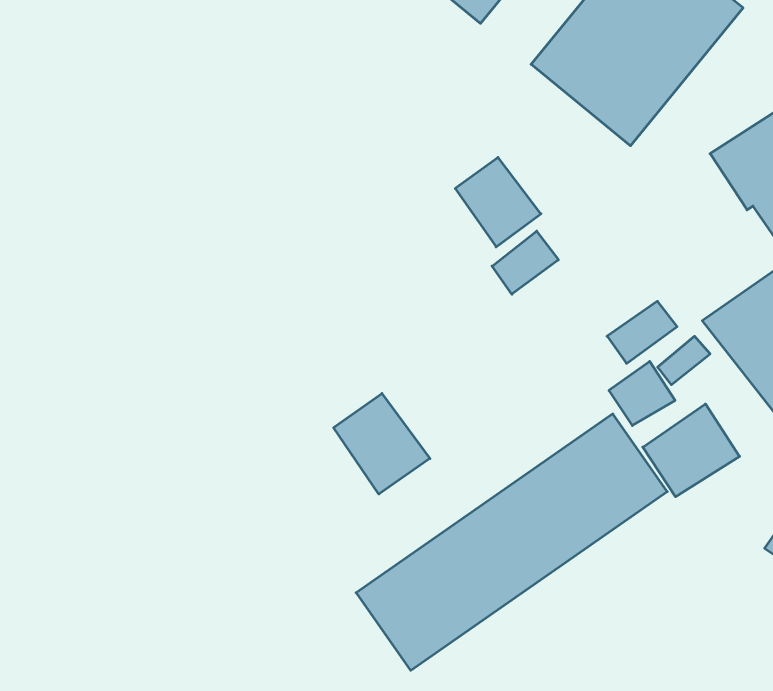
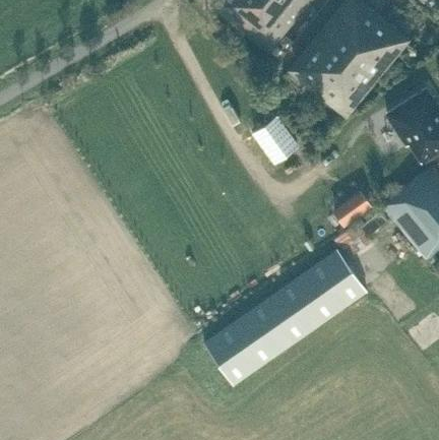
building: [492,231,558,294] -> none
building: [334,393,430,494] -> none
building: [643,404,740,497] -> none

